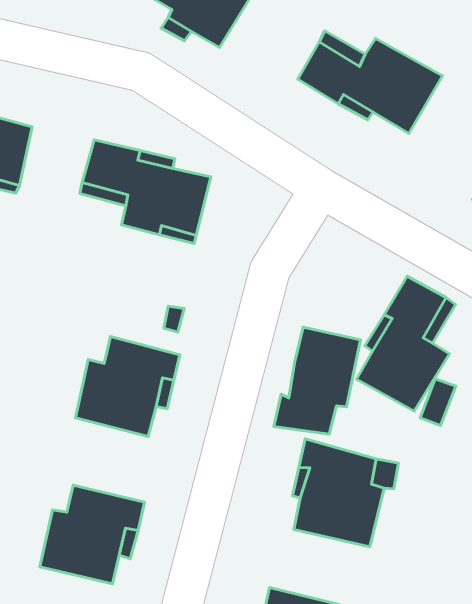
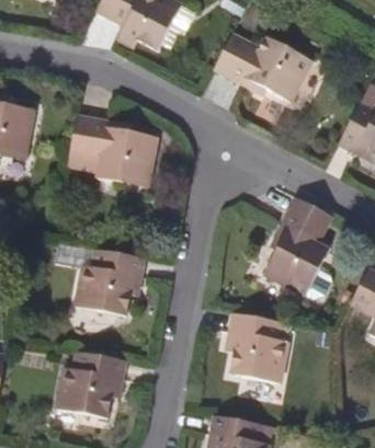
building: [274,327,360,434] -> none

